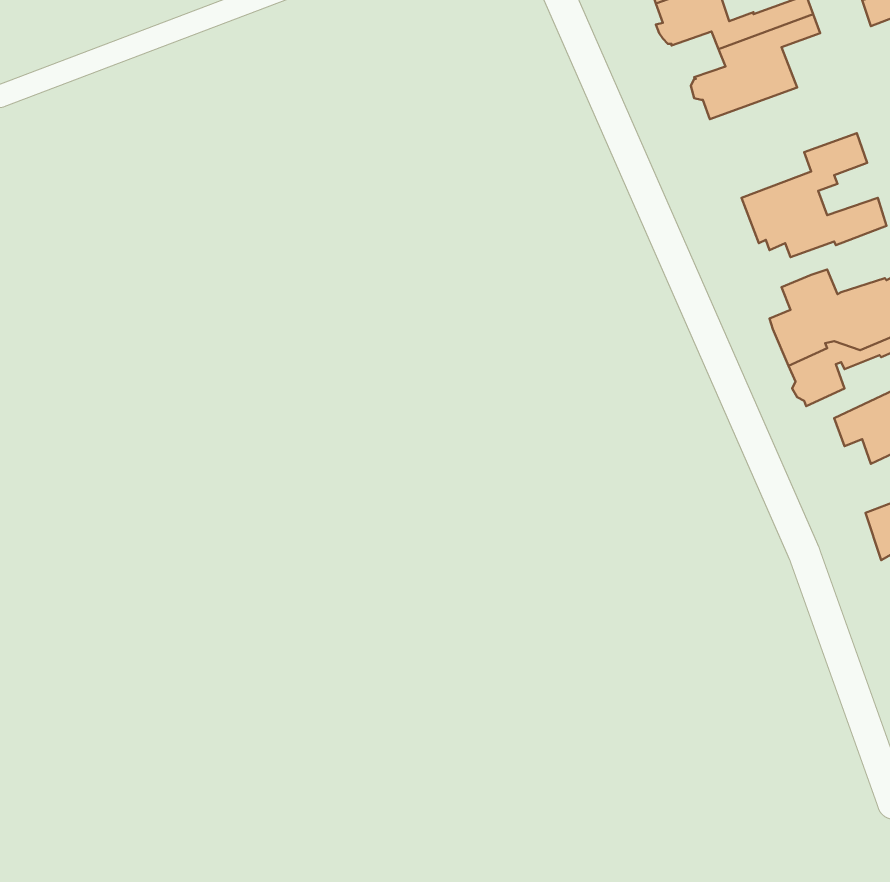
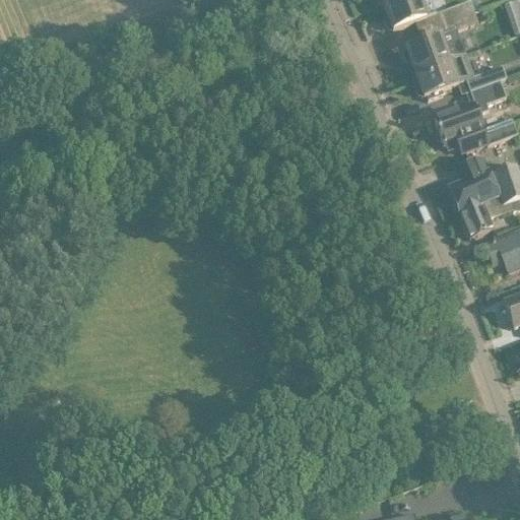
building: none -> [414,51,500,96]

